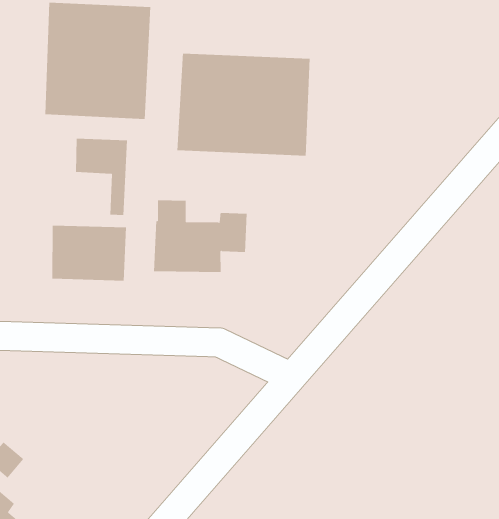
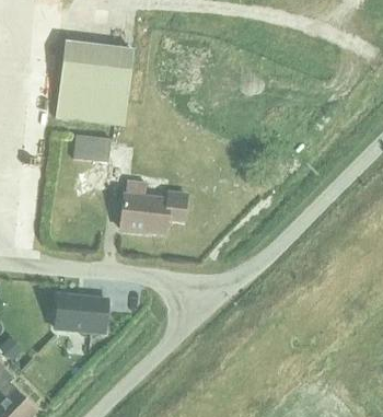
building: [177,53,310,156] -> none
building: [51,225,127,281] -> [54,291,107,333]

